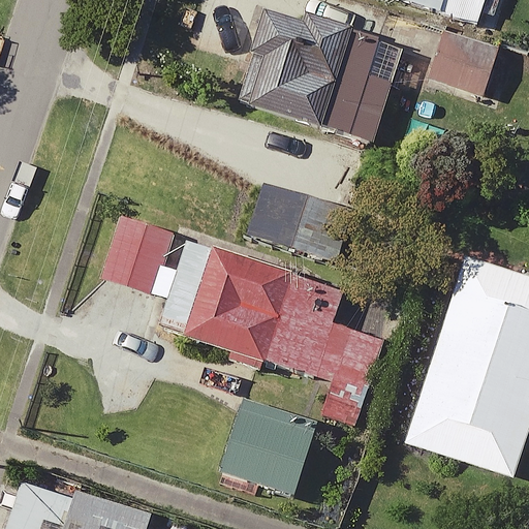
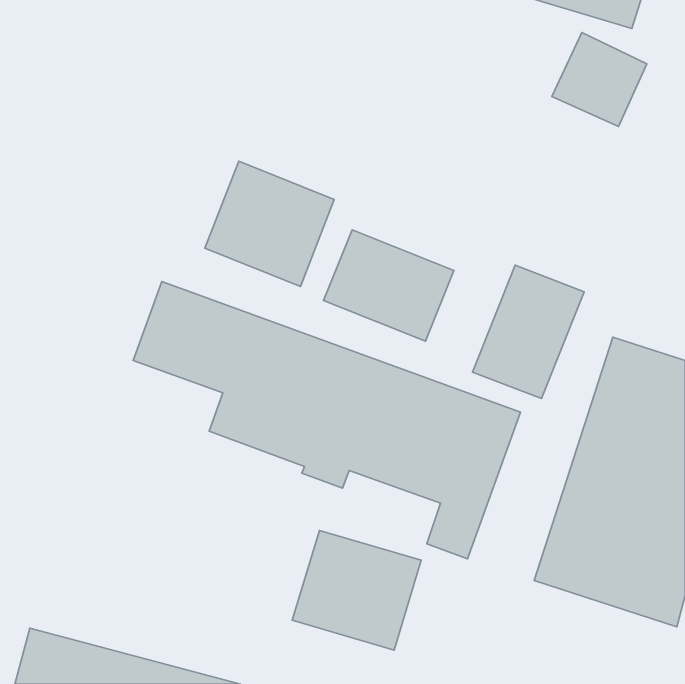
building: [239,8,401,142] -> none
building: none -> [205,161,334,287]
building: none -> [473,265,584,399]

